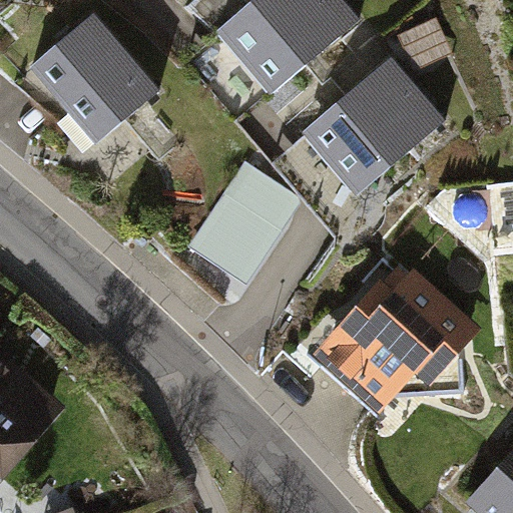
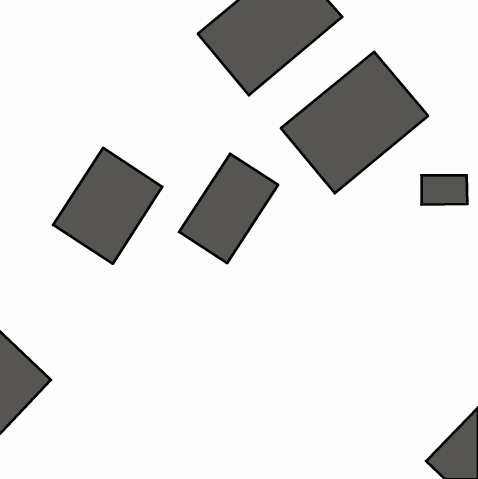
building: [32,15,158,143] -> none
building: none -> [53,148,162,264]
building: [308,264,477,408] -> none

